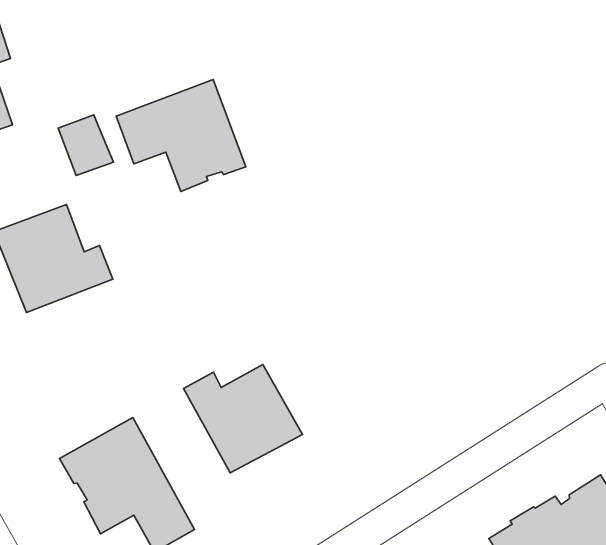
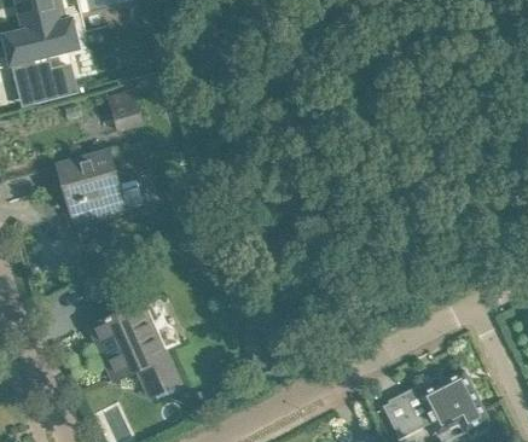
building: [116,80,246,192] -> none
building: [184,364,303,473] -> none

